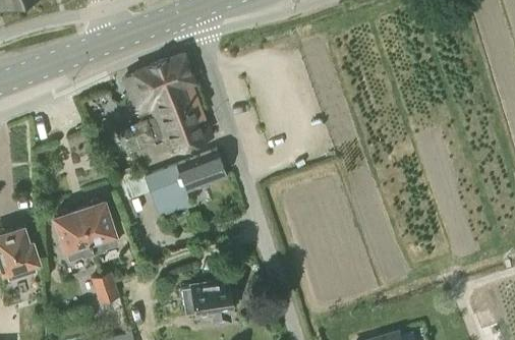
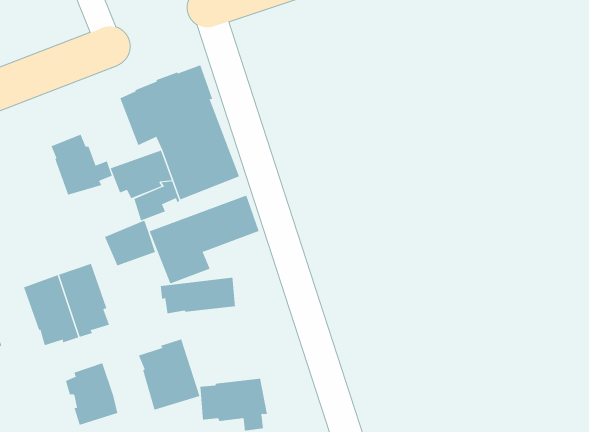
building: none -> [51,134,113,195]
building: none -> [160,277,235,314]
building: none -> [138,338,200,410]

